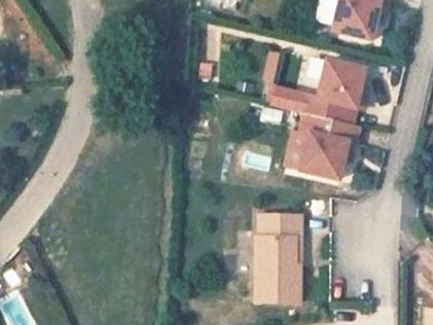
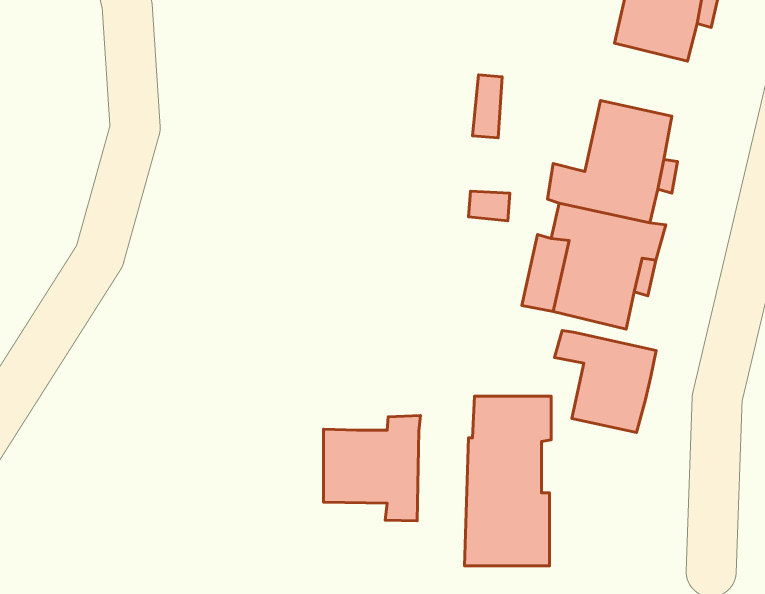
building: none -> [555,331,656,433]
building: none -> [323,415,420,521]

